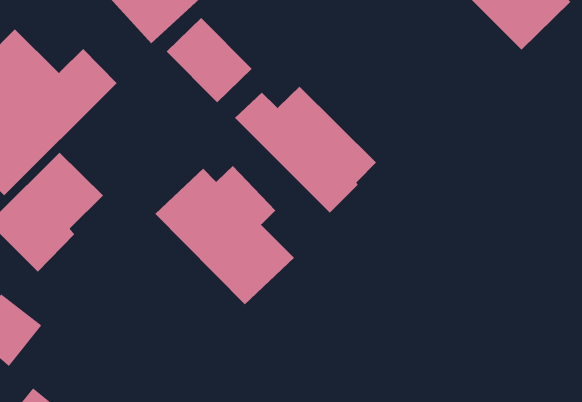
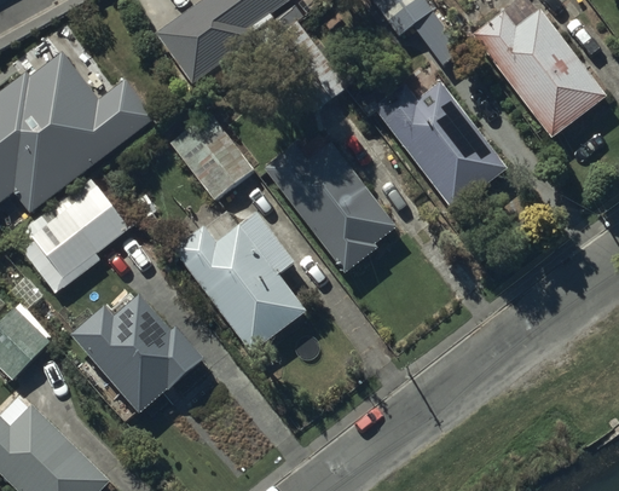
building: none -> [372,81,507,208]
building: [166,17,253,103] -> [170,112,253,198]
building: none -> [71,294,204,411]

